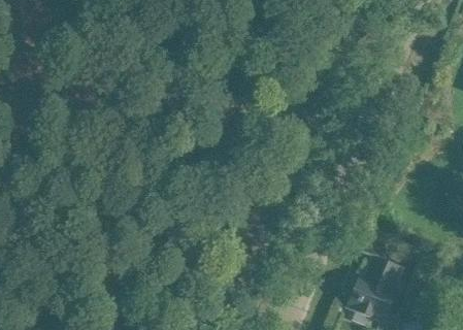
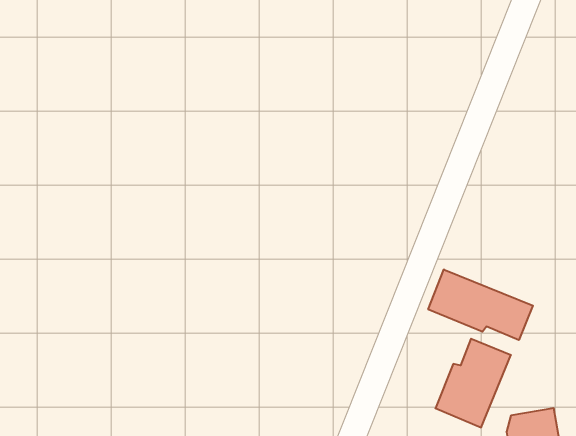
building: none -> [428,269,533,340]

